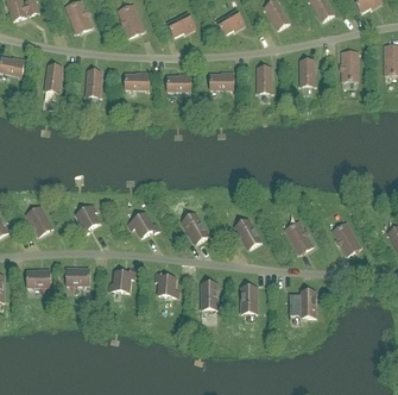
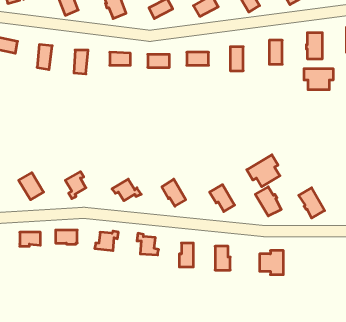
building: none -> [304,69,333,90]
building: none -> [247,155,280,187]

